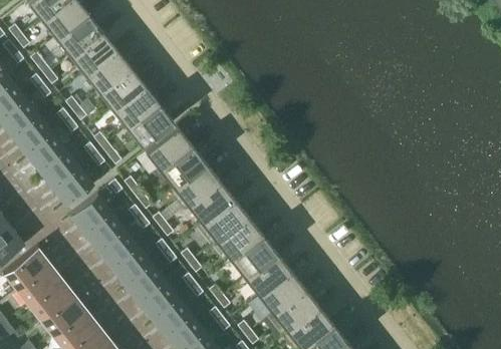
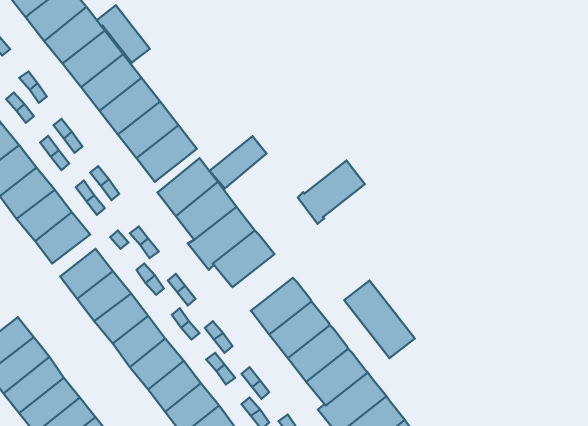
building: none -> [97,5,150,63]
building: none -> [209,136,267,189]
building: [197,199,248,247] -> [298,161,365,224]
building: none -> [344,280,415,358]

